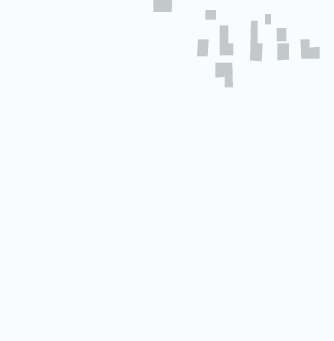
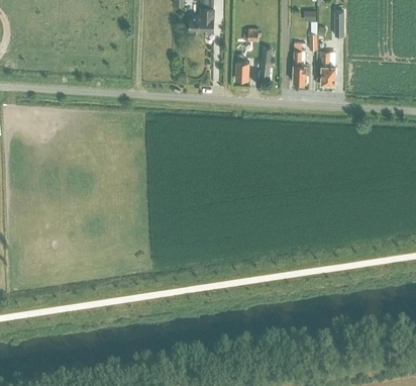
building: [300,38,320,60] -> none
building: [215,62,234,88] -> none

